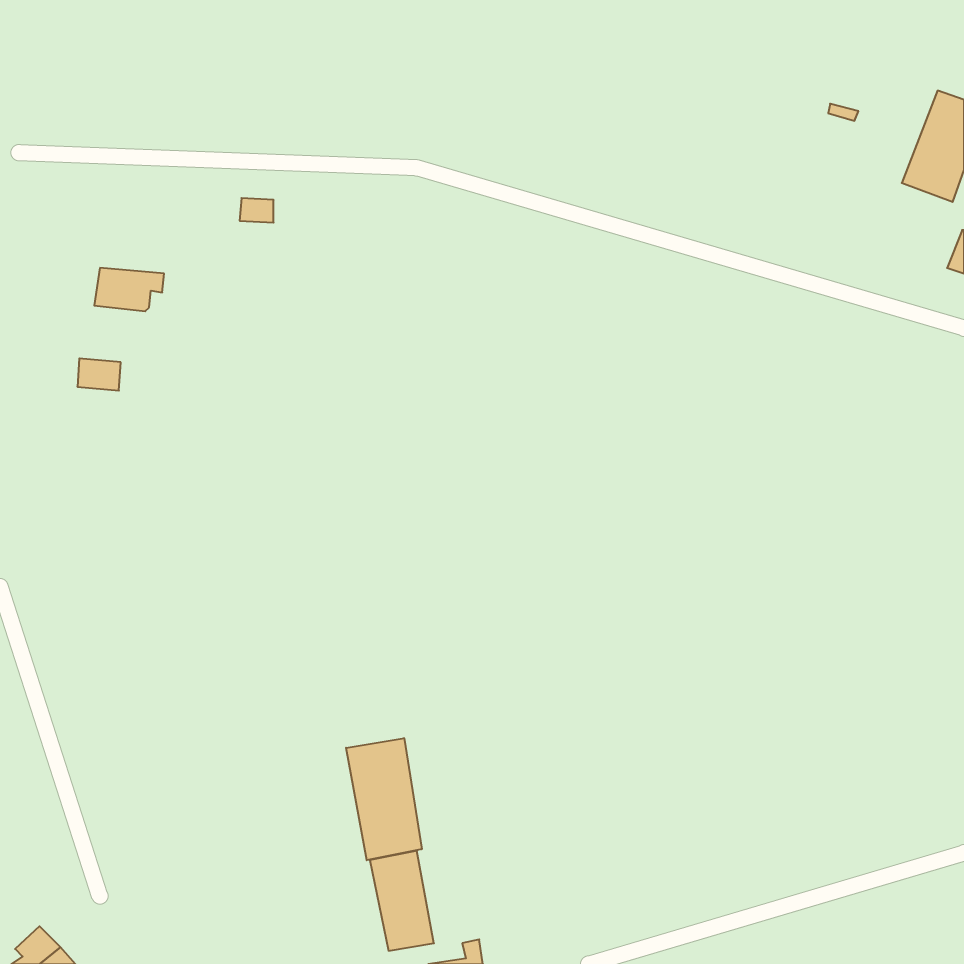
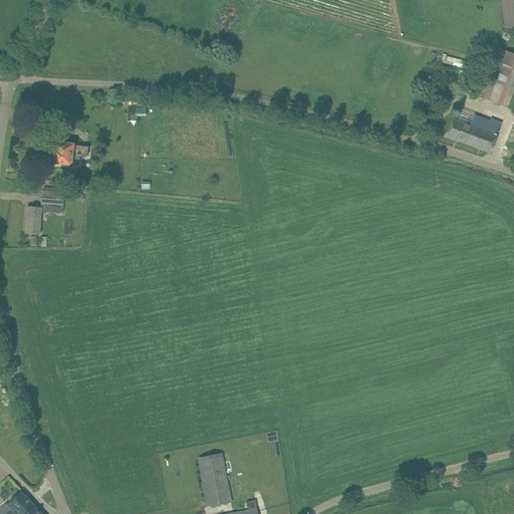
building: none -> [446,114,501,153]
building: none -> [25,207,41,234]
building: [346,738,422,860] -> none

